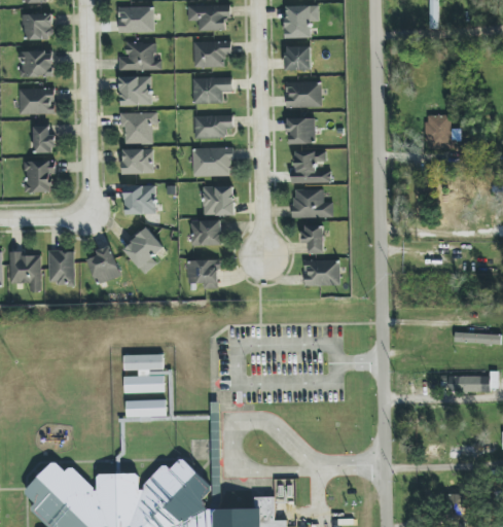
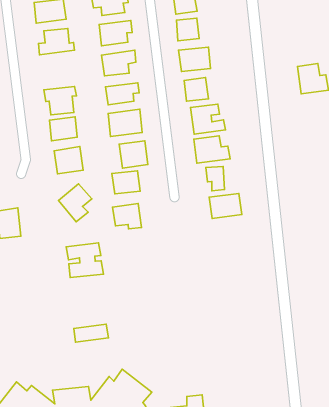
building: [119,75,151,106] -> none
building: [87,245,120,284] -> none
building: [123,354,165,392] -> [66,243,103,278]

